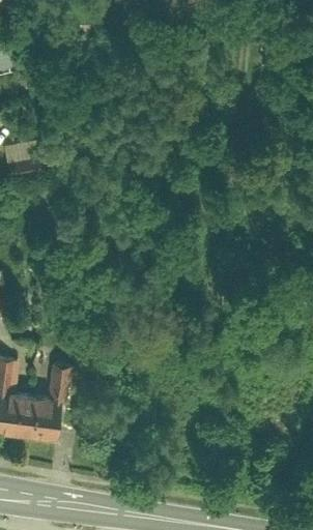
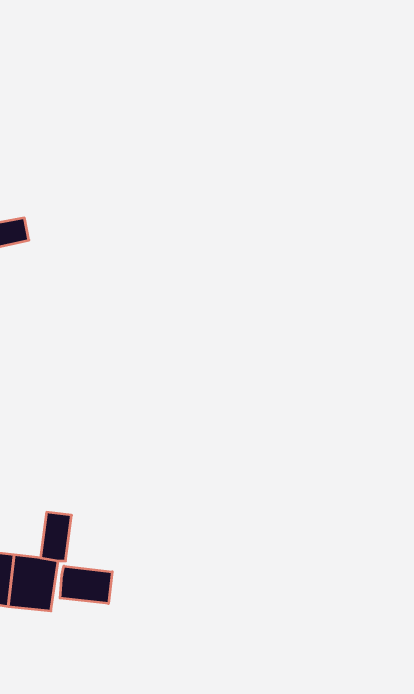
building: none -> [60,566,112,604]

